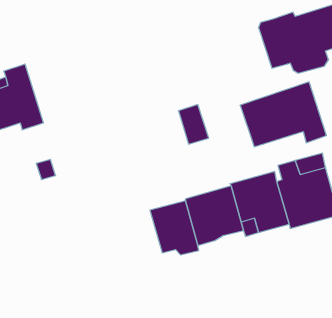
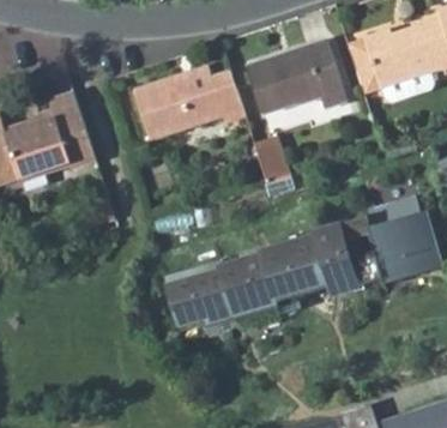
building: none -> [131,65,244,144]
building: [240,82,326,147] -> [244,38,346,115]
building: none -> [165,261,234,325]

